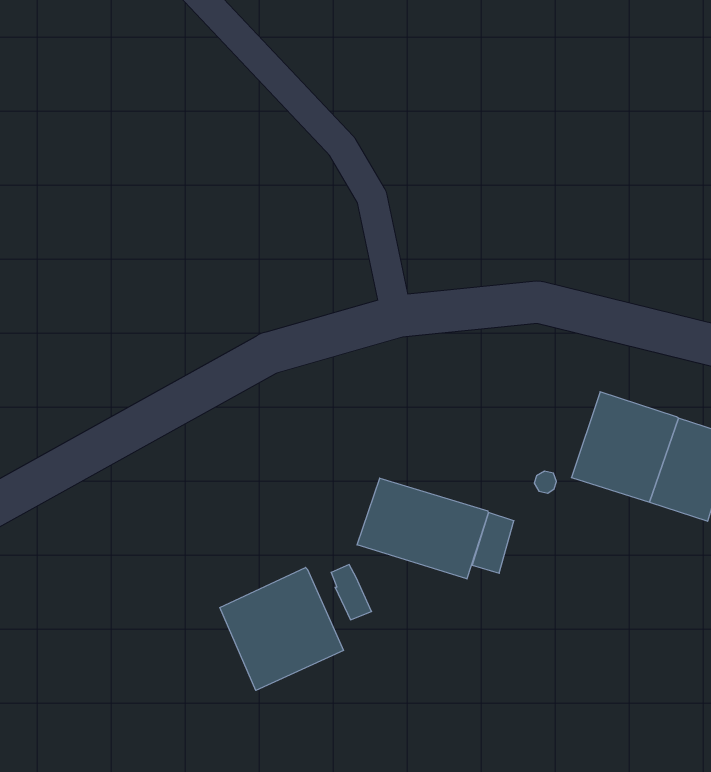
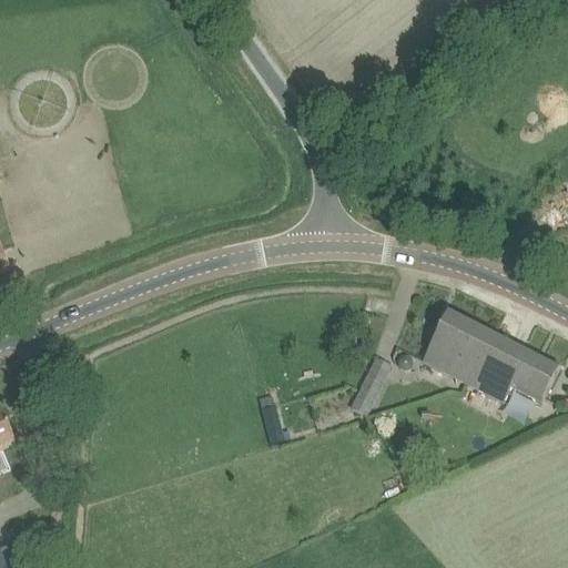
building: [357,478,488,579] -> none
building: [220,567,343,690] -> none

